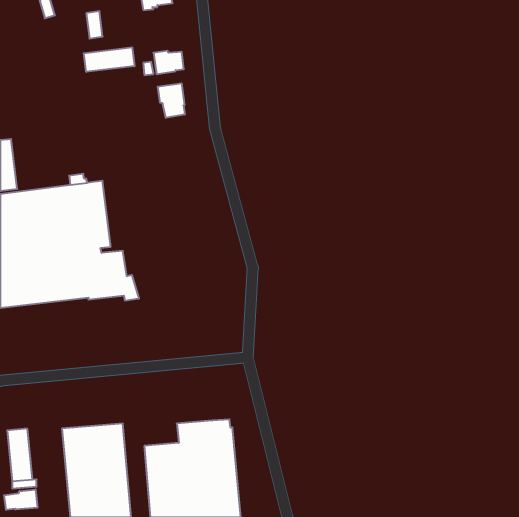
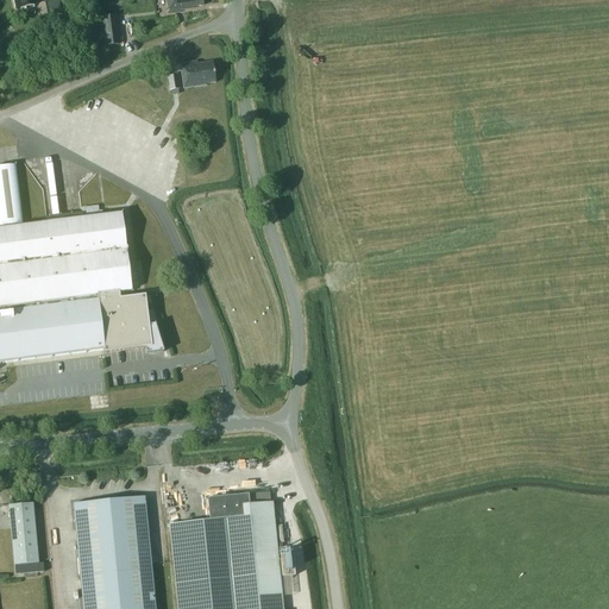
building: [84,47,134,72] -> none
building: [158,83,185,118] -> none
building: [4,489,37,510] -> none

